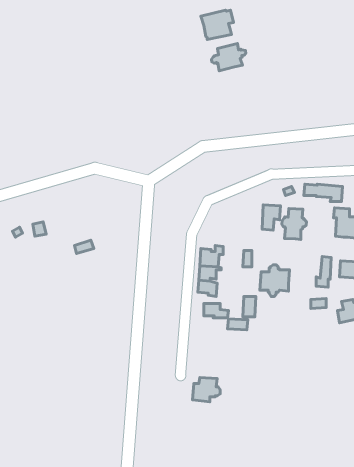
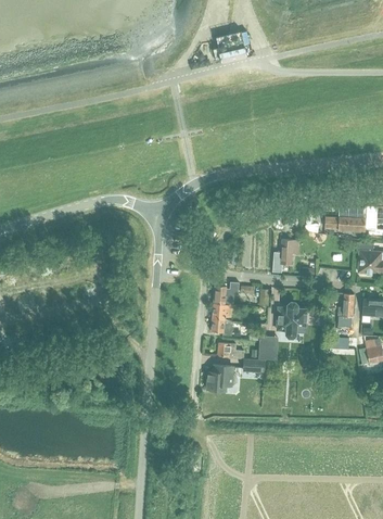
building: [211,44,246,71] -> none
building: [282,209,306,240] -> none
building: [193,378,220,402] -> [207,365,237,391]

